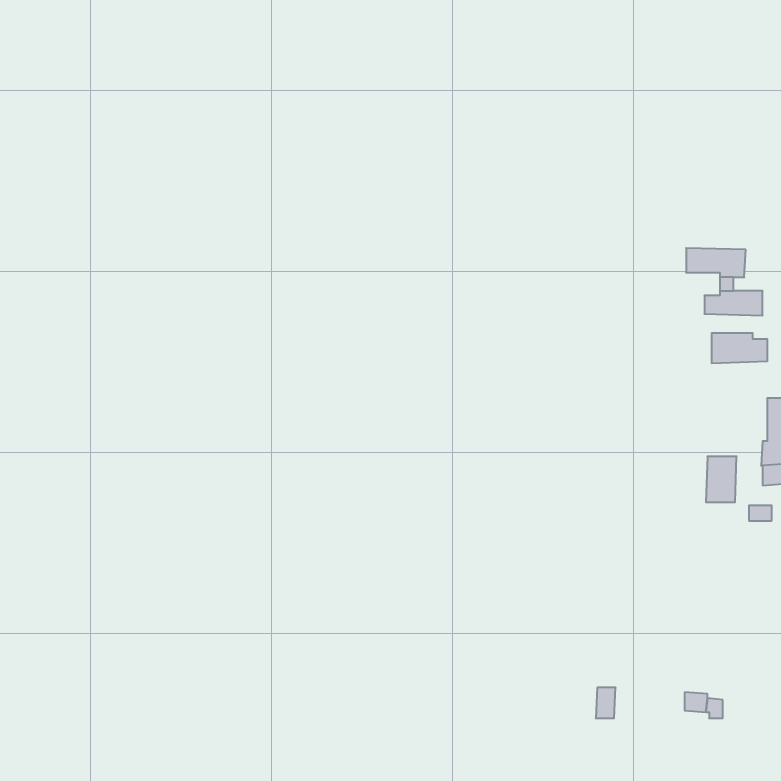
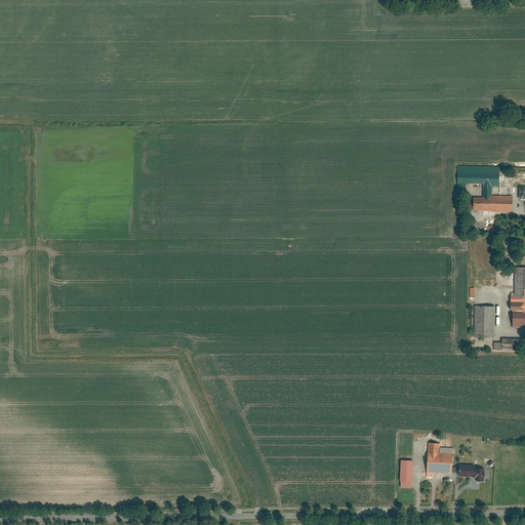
building: [712,333,767,363] -> none
building: none -> [428,444,453,474]

